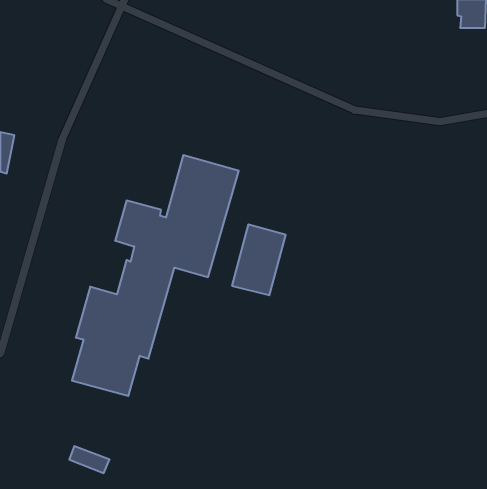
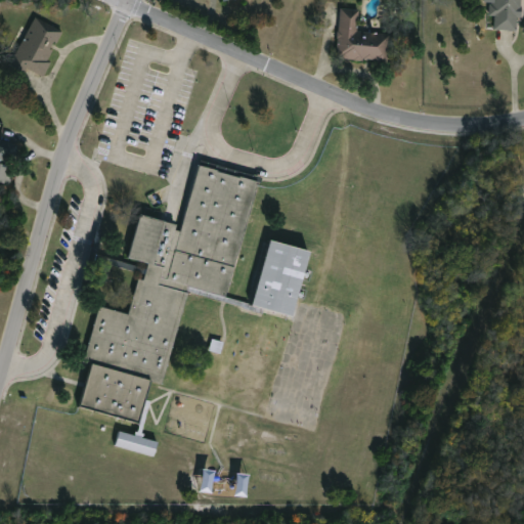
building: none -> [340,9,392,61]
building: none -> [11,16,68,79]
building: [69,446,110,473] -> [117,429,160,457]

